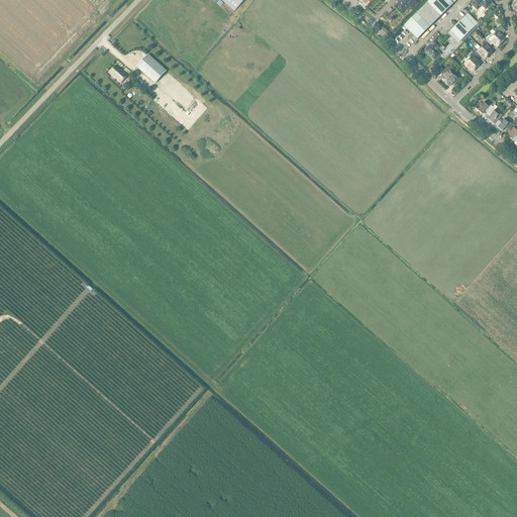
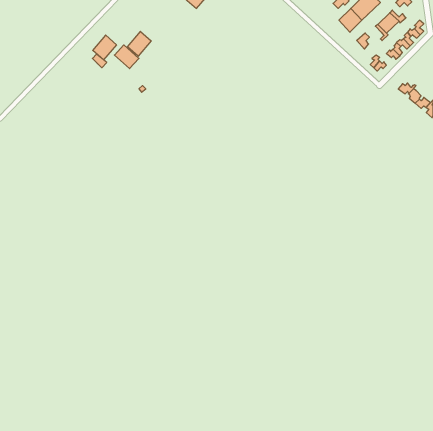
building: none -> [128,31,151,56]
building: none -> [93,35,116,60]

